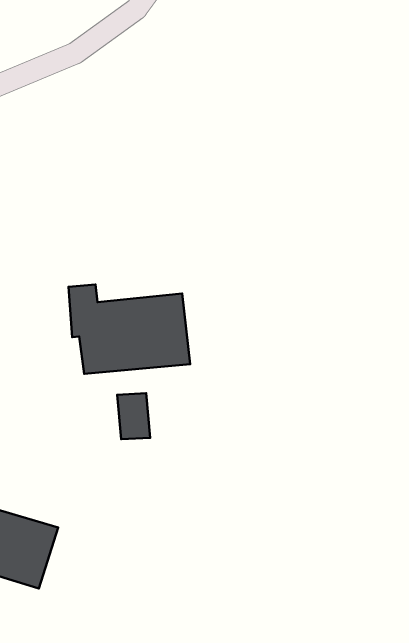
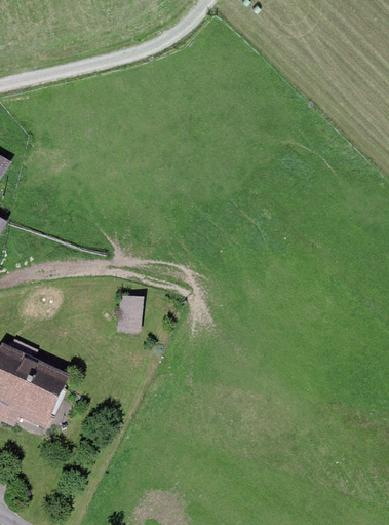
building: [69,285,190,374] -> none

